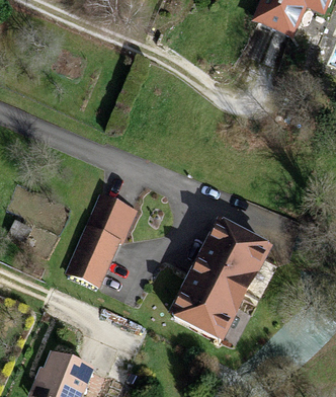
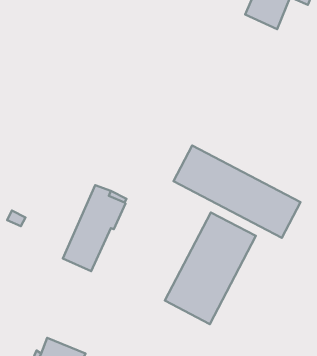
building: none -> [173,146,301,238]

